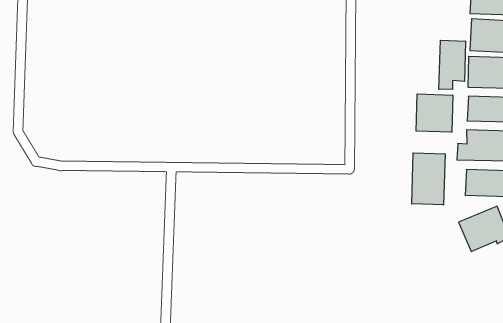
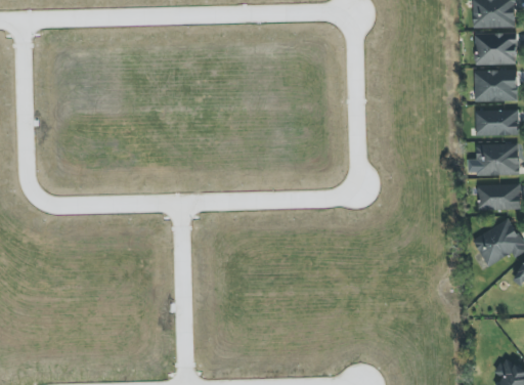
building: [439,40,465,89] -> none
building: [416,94,453,132] -> none
building: [412,153,445,205] -> none

